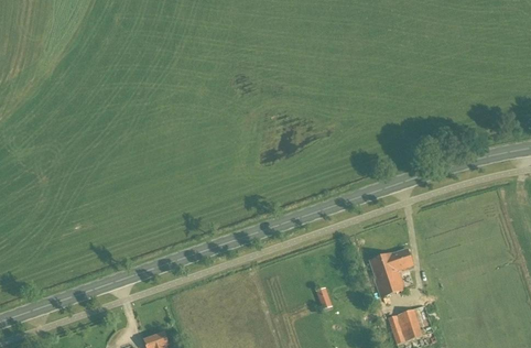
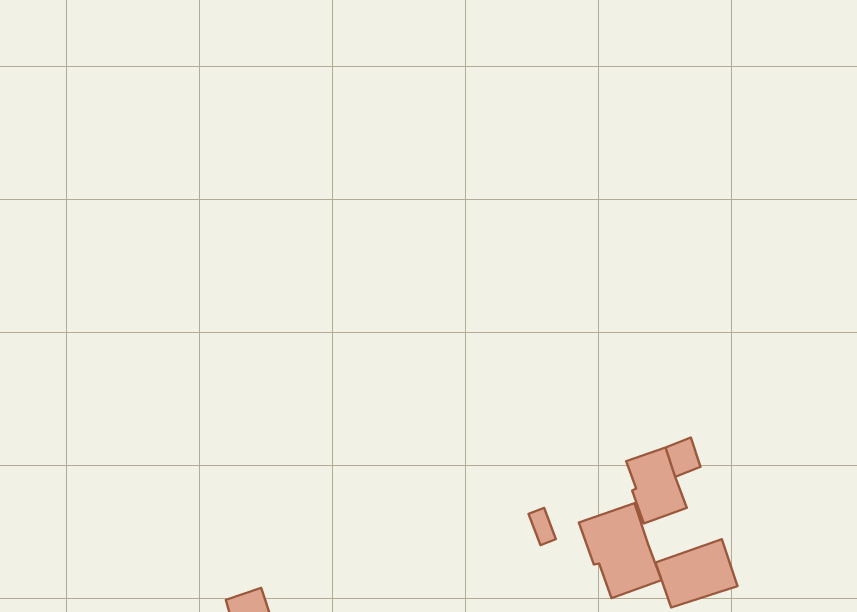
building: none -> [579,503,662,598]

